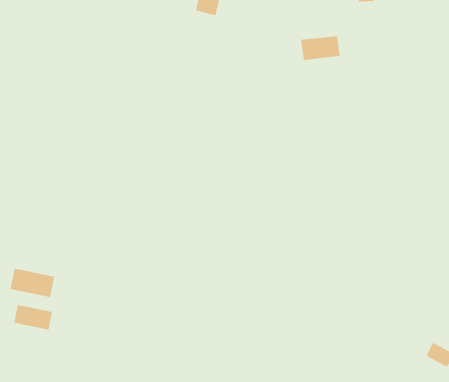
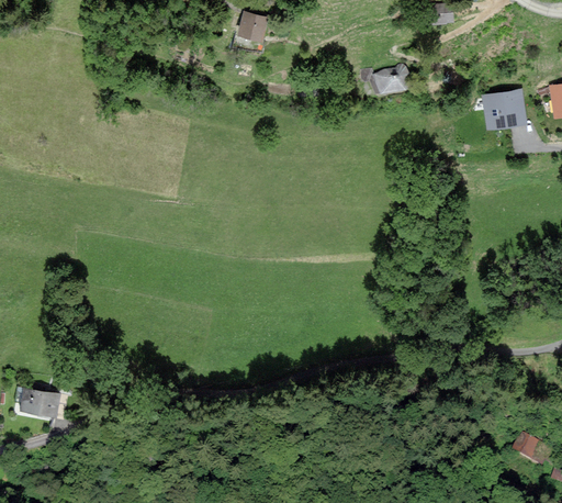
building: none -> [483,89,525,127]
building: [10,268,55,298] -> none

